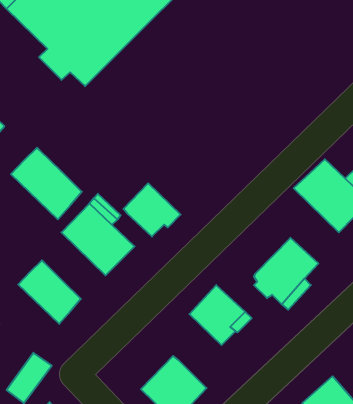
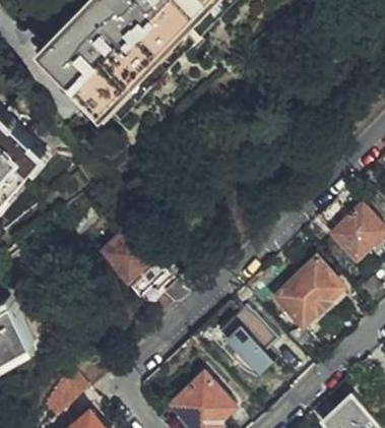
building: [11,148,82,219] -> none
building: [123,183,181,237] -> none
building: [18,260,81,324] -> none

